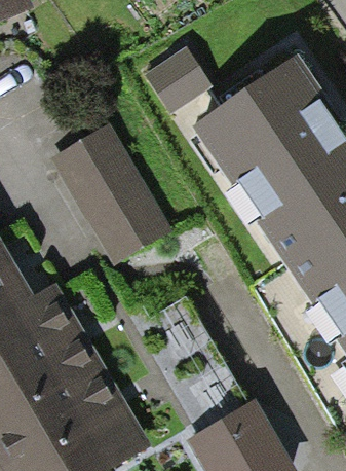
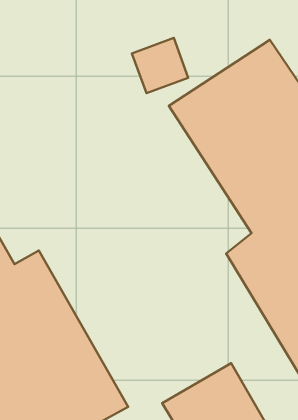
building: [52,126,169,261] -> none

